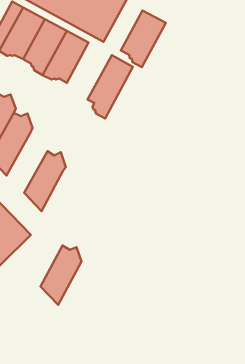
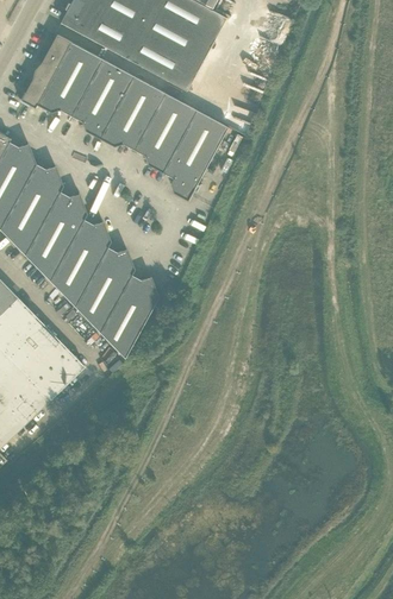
building: [121,10,166,67] -> [135,92,199,172]
building: none -> [49,219,110,305]
building: [41,246,82,305] -> [99,273,157,358]

